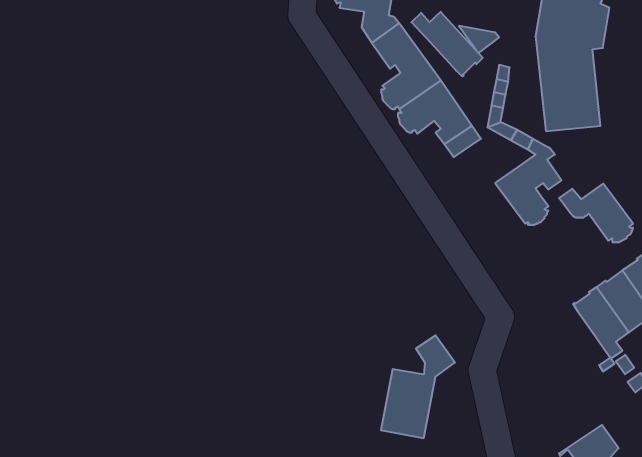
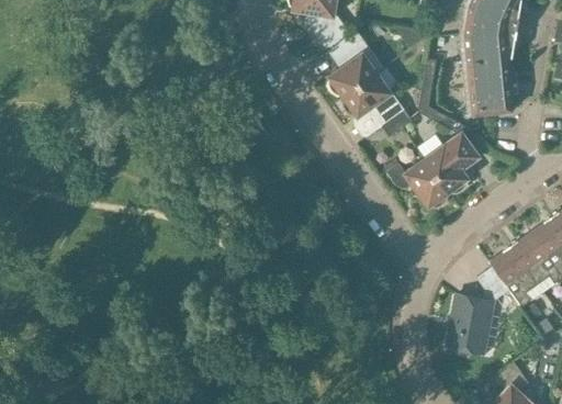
building: [411,12,483,76] -> none
building: [559,184,633,242] -> [387,158,450,207]
building: [381,335,455,438] -> [448,266,510,352]

